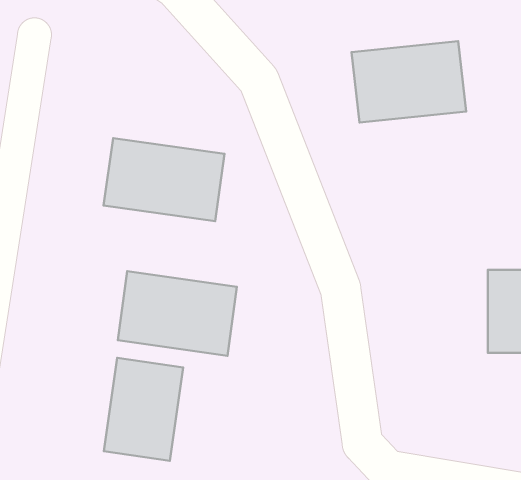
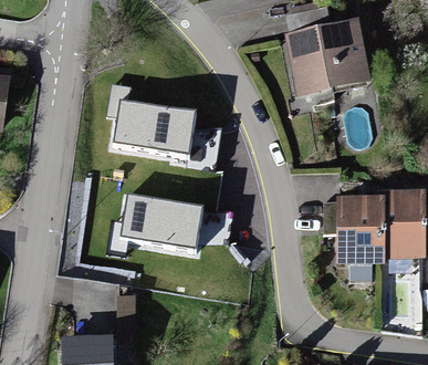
building: none -> [340,200,385,263]
building: [104,358,183,461] -> none

